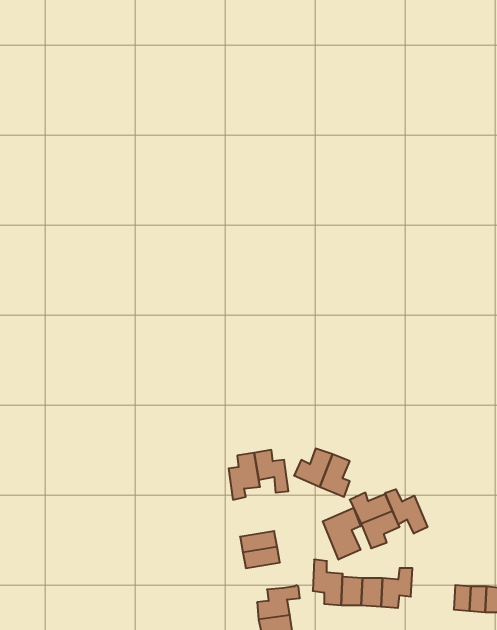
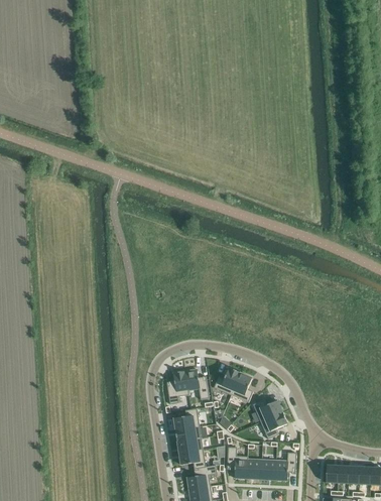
building: [385,489,427,534] -> none
building: none -> [173,408,199,430]
building: [323,508,361,560] -> none
building: none -> [178,449,205,468]

